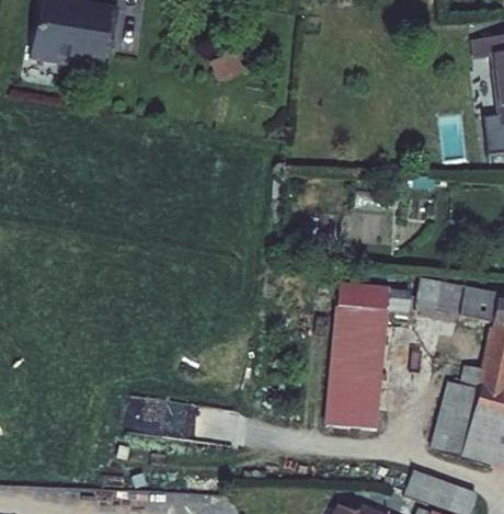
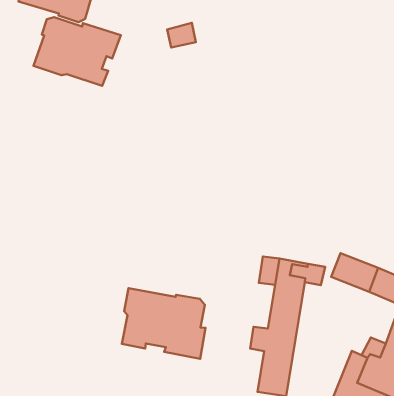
building: none -> [34,17,121,86]
building: none -> [122,288,205,359]

